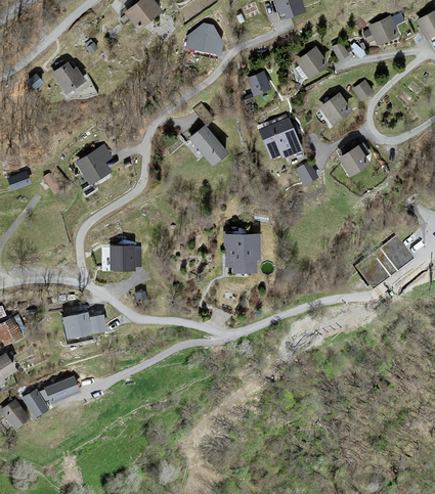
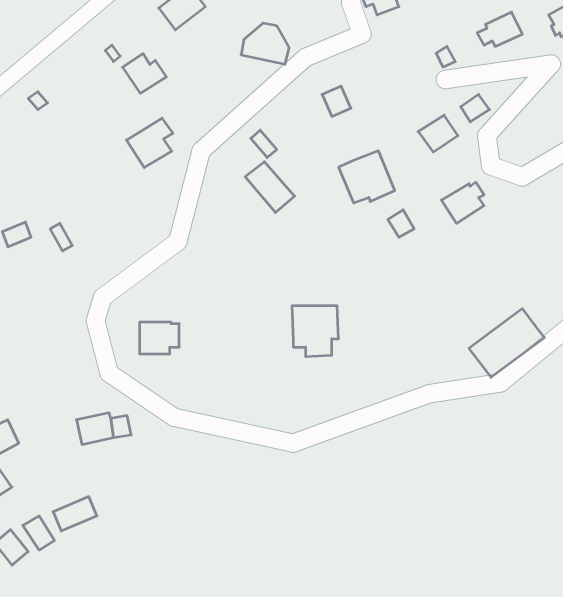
building: [295,45,325,75] -> none
building: [51,63,84,93] -> [122,54,166,93]
building: [76,146,111,183] -> [126,118,173,168]

